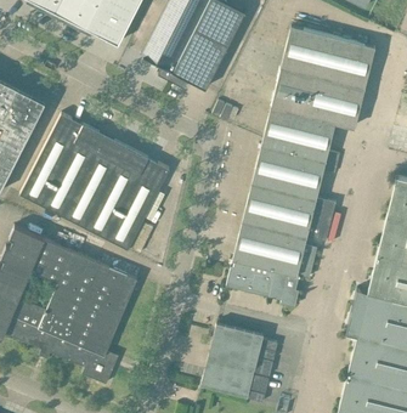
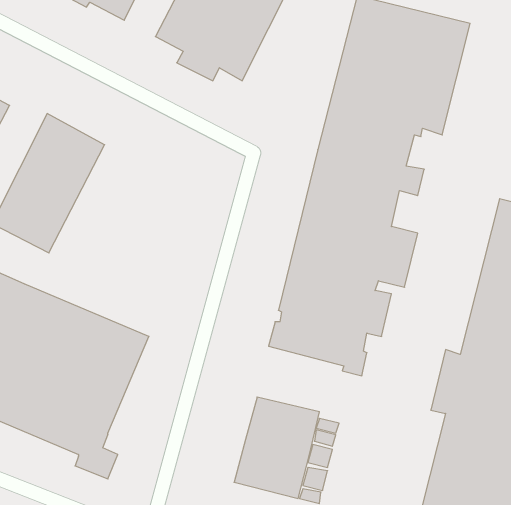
building: [63,135,170,248] -> none

